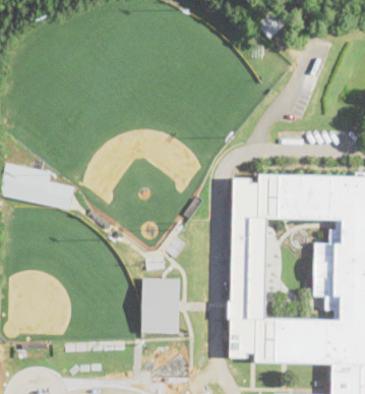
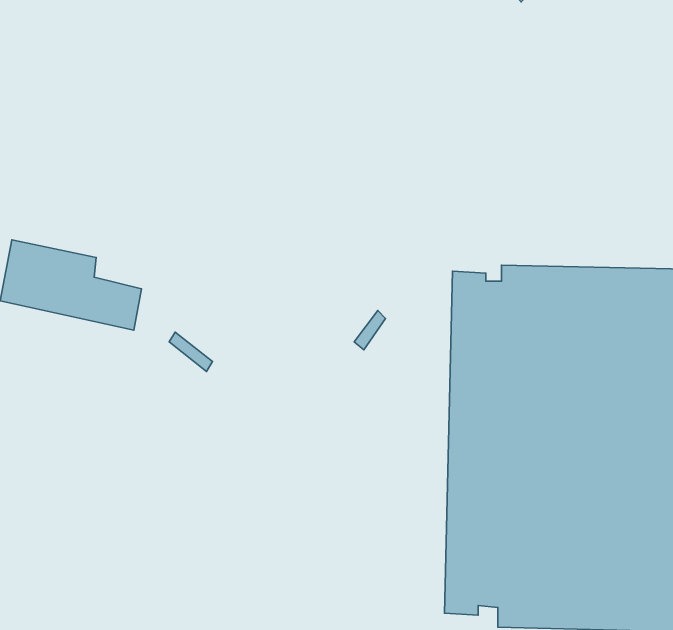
building: [141,278,179,333] -> none

